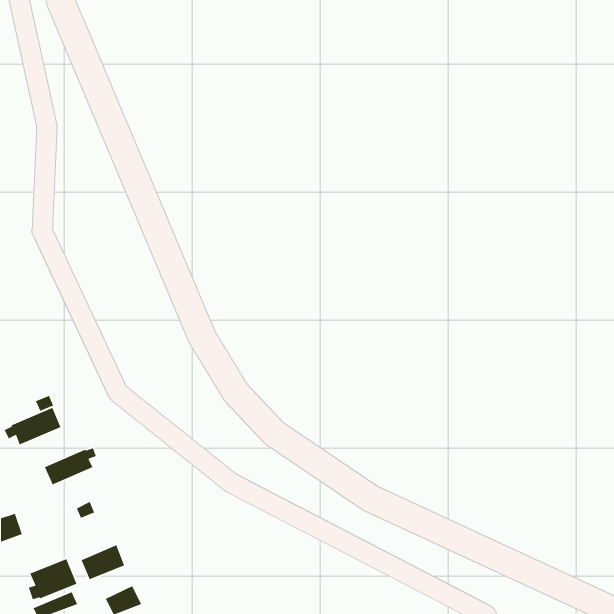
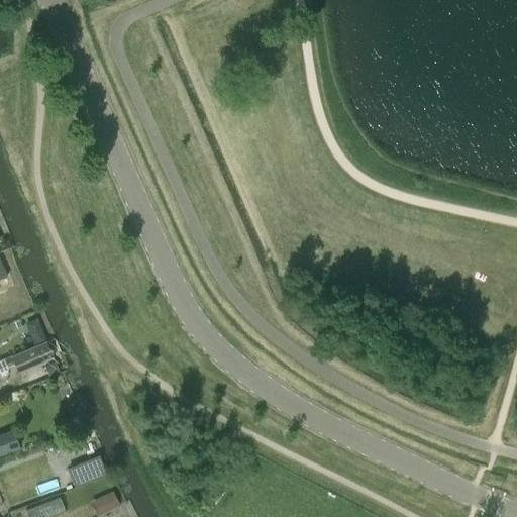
building: [44,447,97,485] -> none
building: [28,558,78,600] -> none

